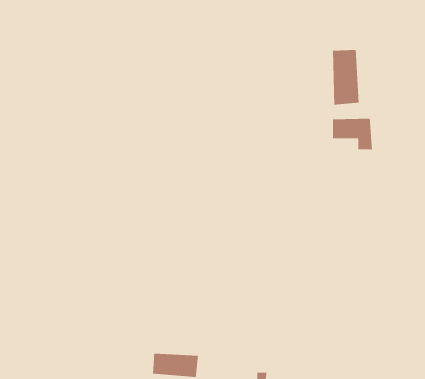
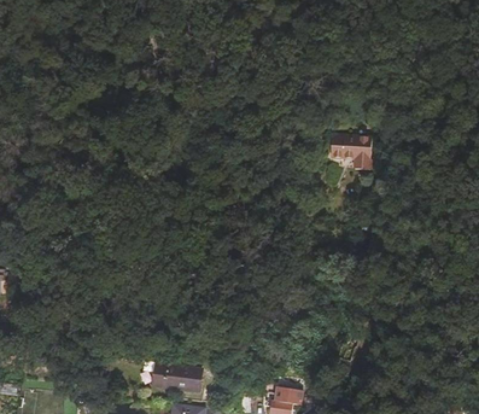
building: [332,49,359,105] -> none

